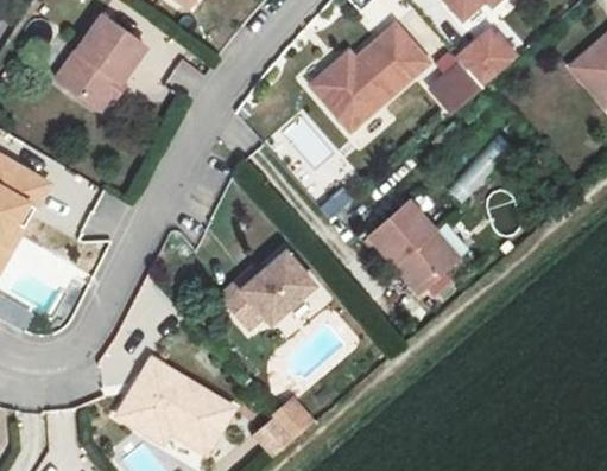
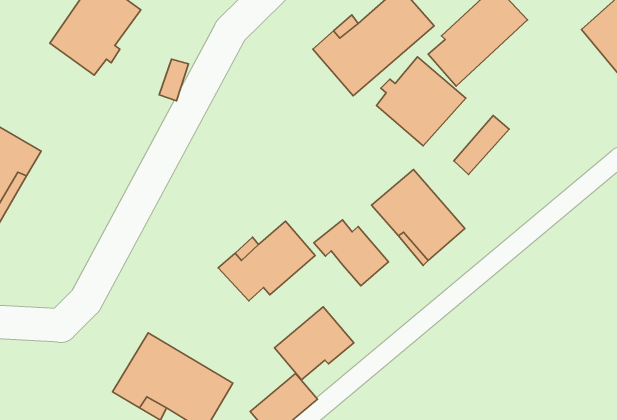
building: none -> [377,57,466,146]
building: none -> [314,220,389,286]
building: none -> [274,307,354,380]

